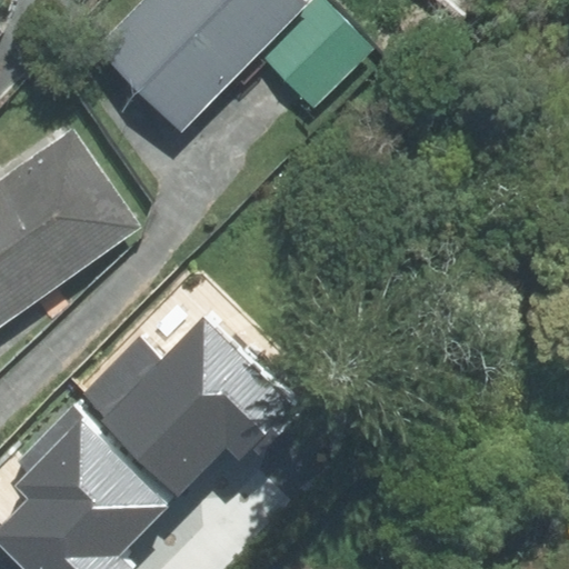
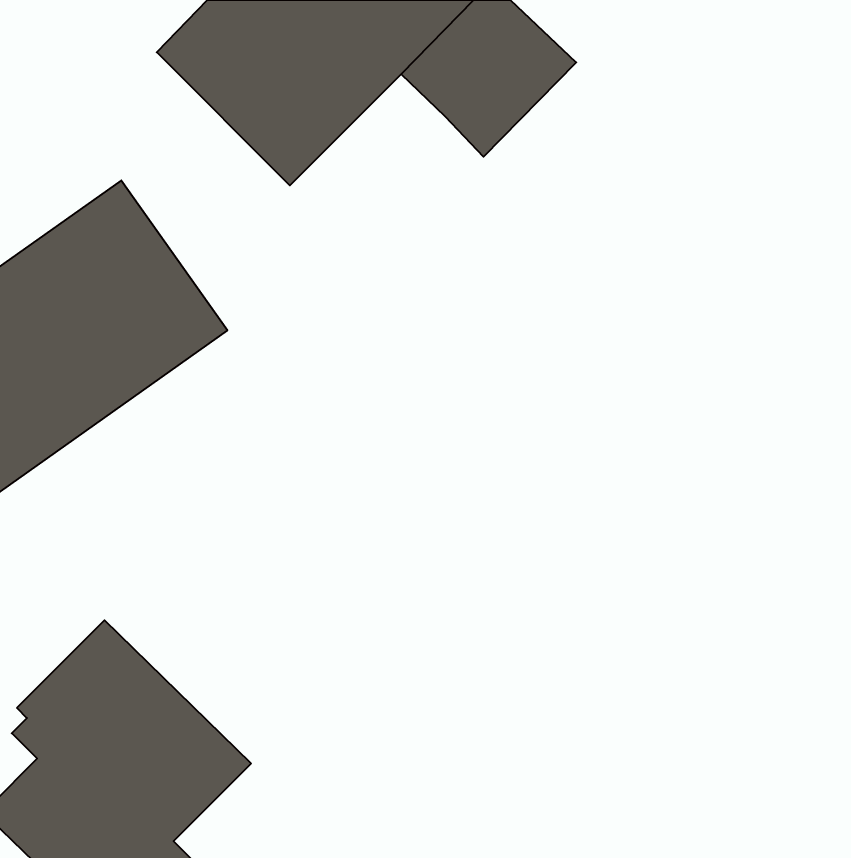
building: [77,318,290,498] -> none

